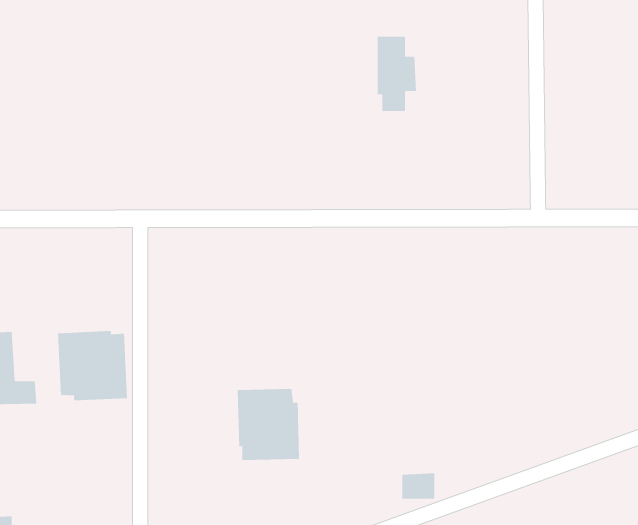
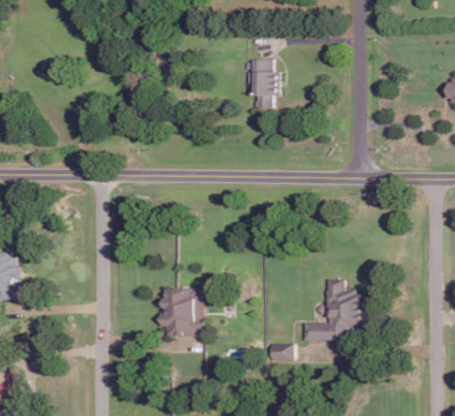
building: [58,330,127,401] -> none
building: none -> [302,279,362,340]

